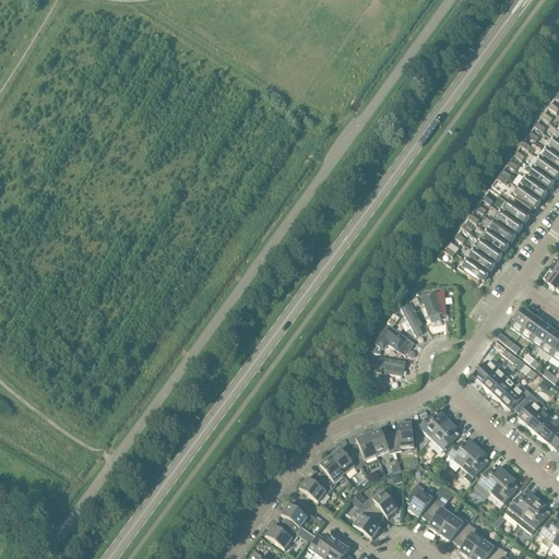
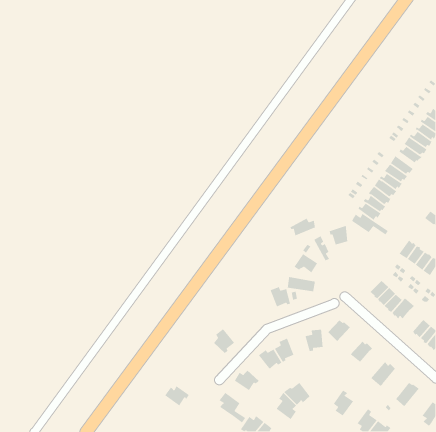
building: none -> [351,213,389,236]
building: none -> [289,218,316,237]
building: [515,392,545,425] -> none
building: [431,419,460,450] -> none
building: [368,427,395,455] -> [270,285,291,308]
building: [461,447,488,480] -> none
building: [317,455,345,488] -> [213,328,235,354]
building: [490,473,519,503] -> none
building: [407,483,439,518] -> none
building: [518,498,549,533] -> none
building: [439,514,471,543] -> none
building: [265,522,298,549] -> [164,385,190,407]

